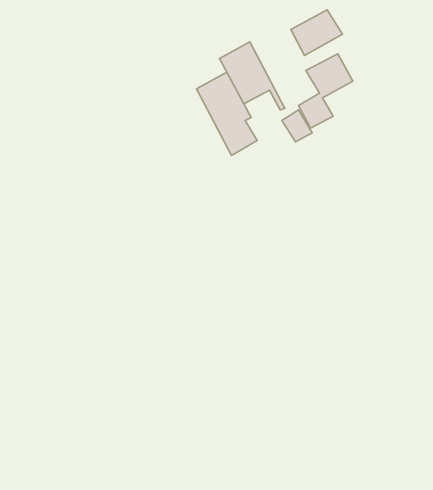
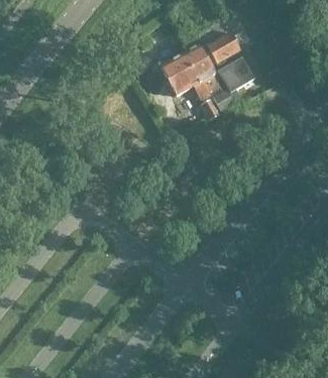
building: [196,72,257,156] -> [181,42,221,98]

